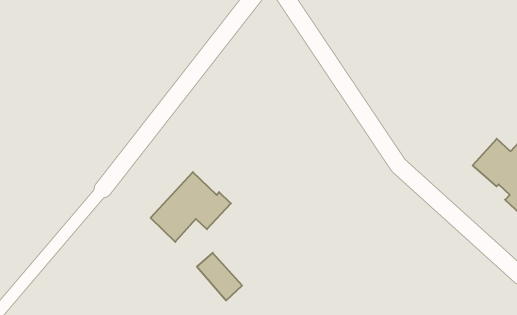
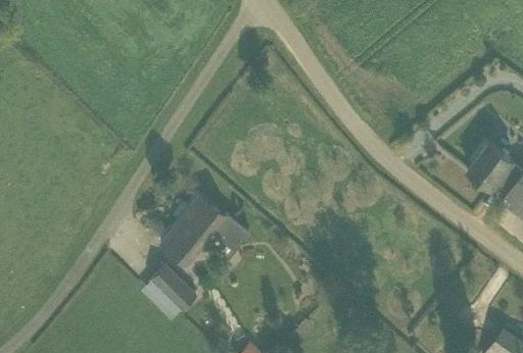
building: [197,253,242,300] -> [151,267,196,312]

